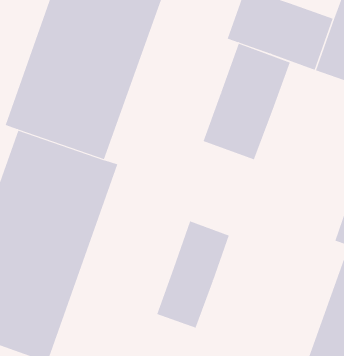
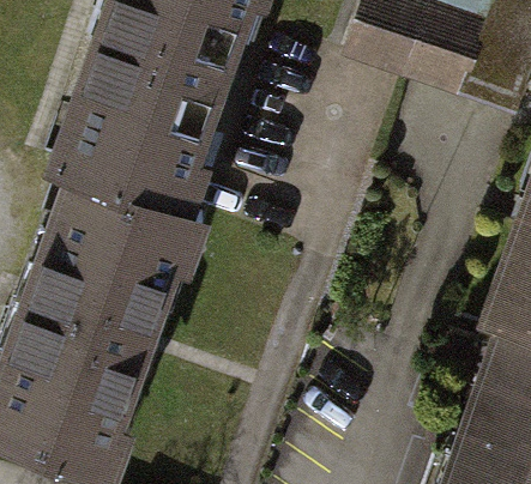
building: [203,43,290,160] -> none
building: [156,221,230,329] -> none

